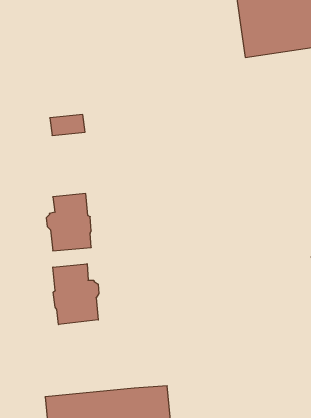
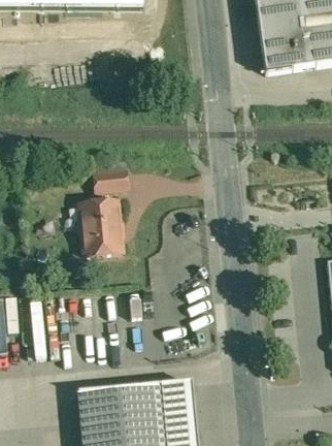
building: [50,115,85,135] -> [94,170,127,190]
building: [53,264,99,325] -> none

